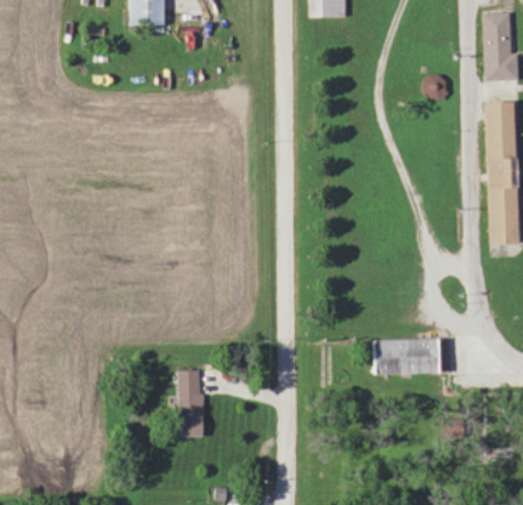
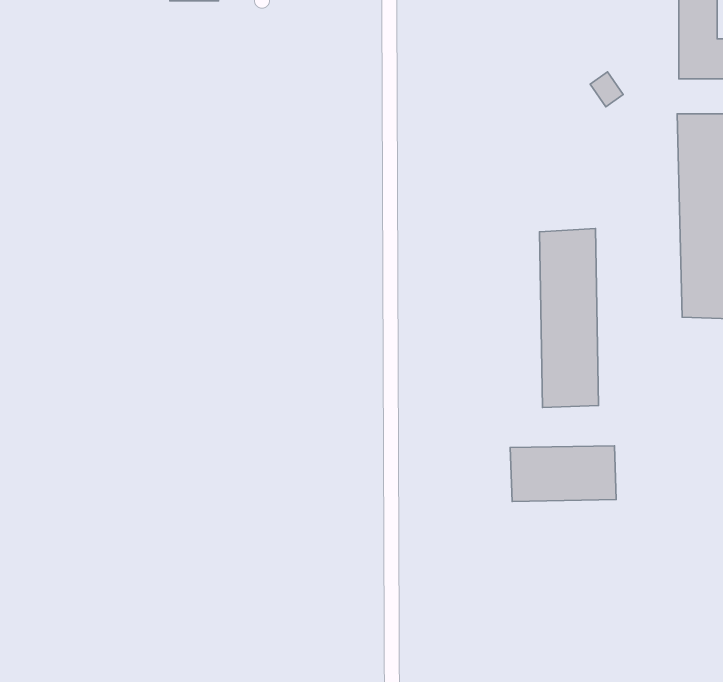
building: none -> [540,228,598,407]
building: [180,369,203,436] -> none

